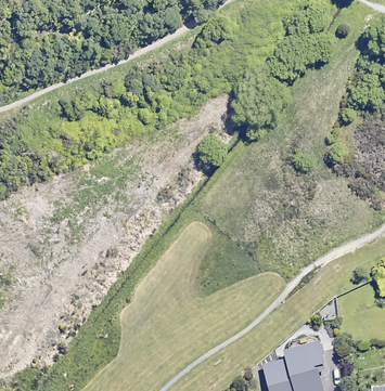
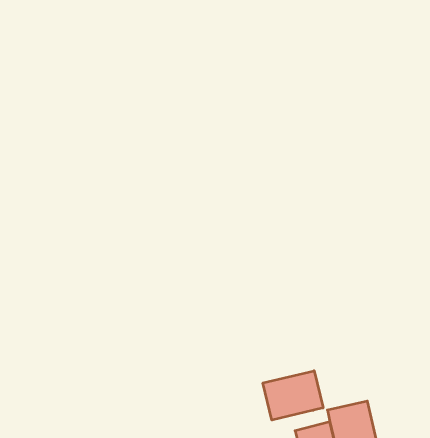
building: none -> [263,371,323,420]

